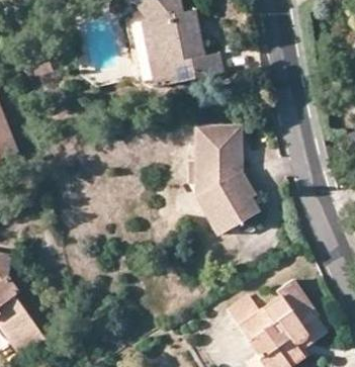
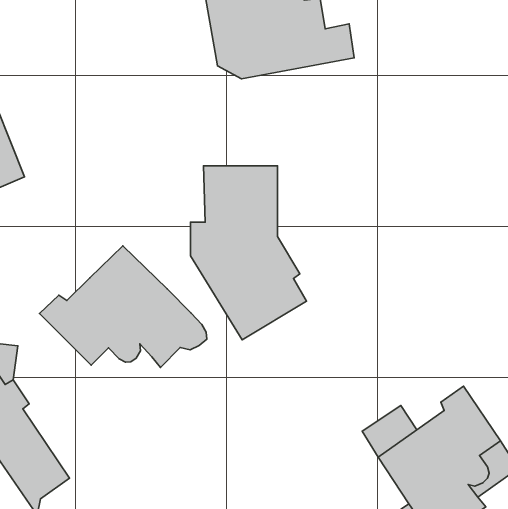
building: [187,130,260,240] -> [191,166,306,340]
building: none -> [39,246,207,368]

